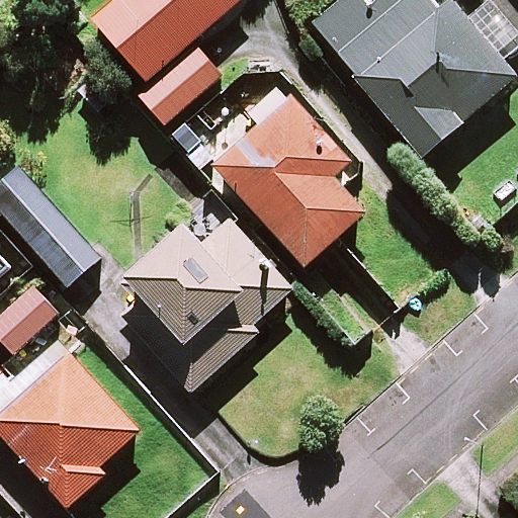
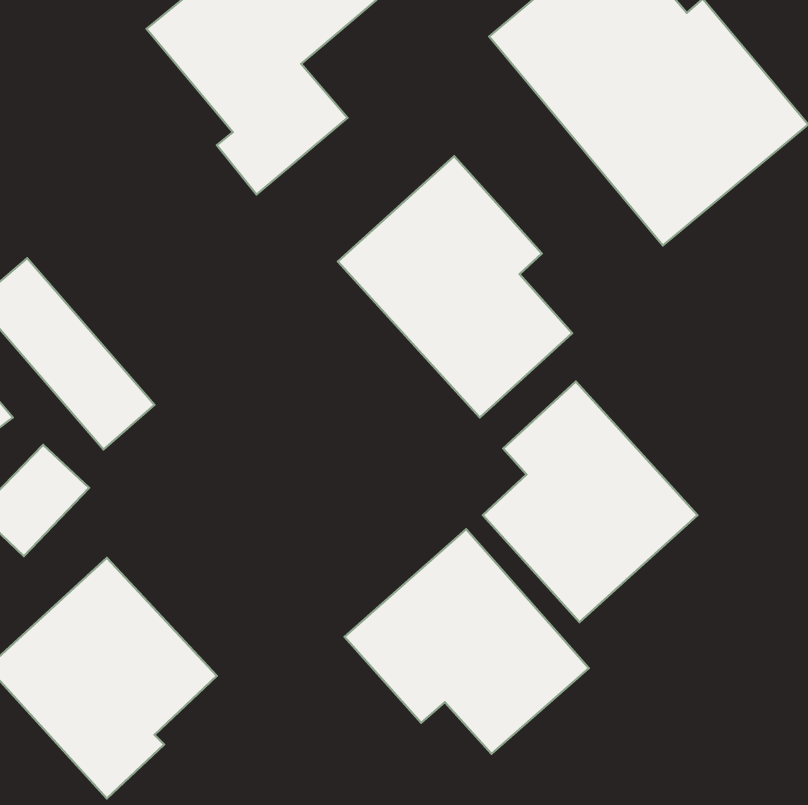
building: [106,204,288,392] -> none
building: none -> [483,382,697,622]
building: none -> [345,529,589,754]

